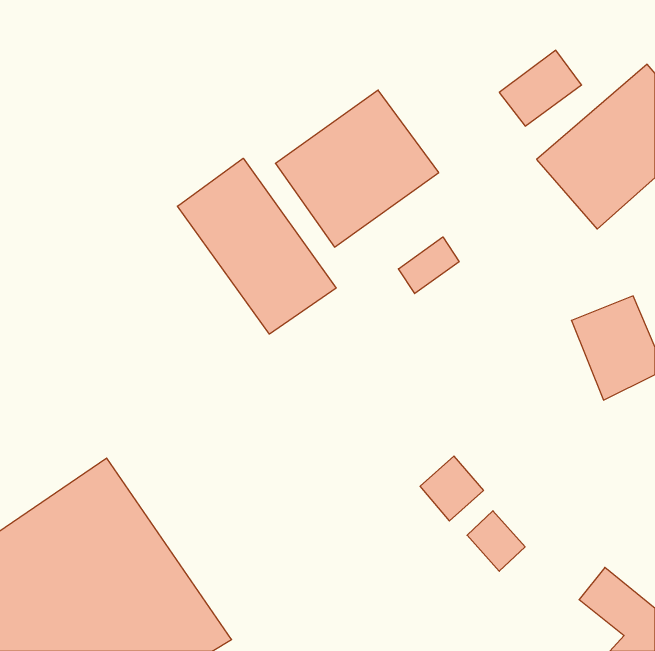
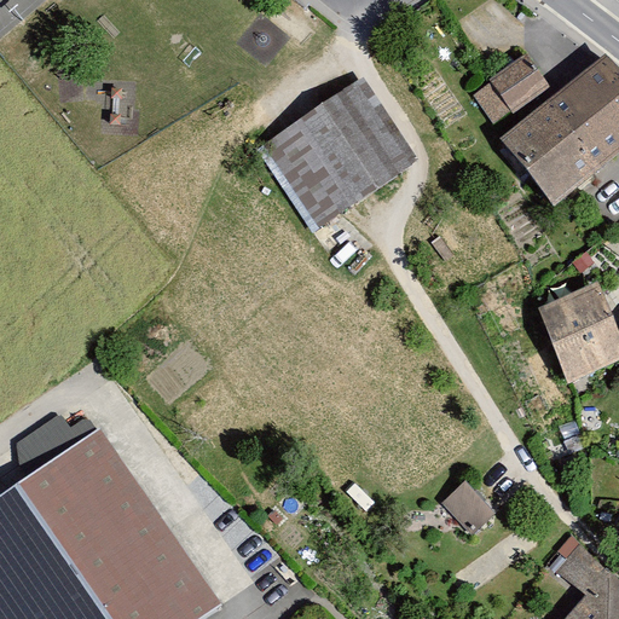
building: [177,158,336,334] -> none
building: [398,237,459,294] -> none
building: [420,456,483,521] -> none

